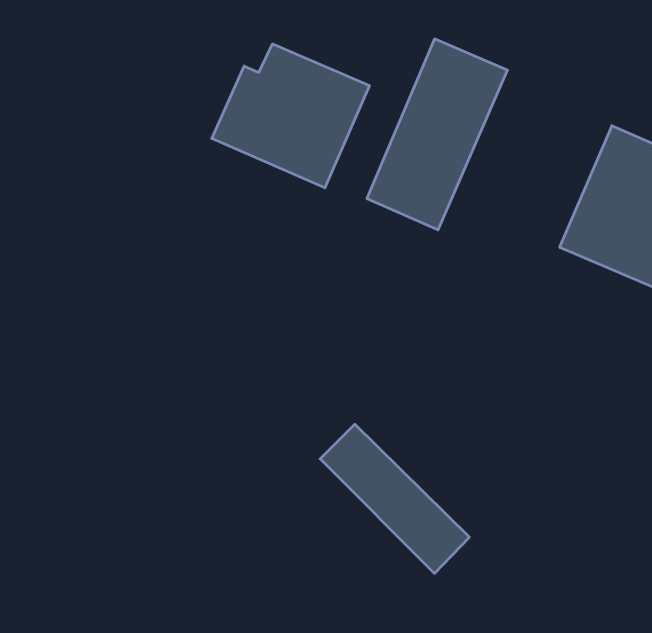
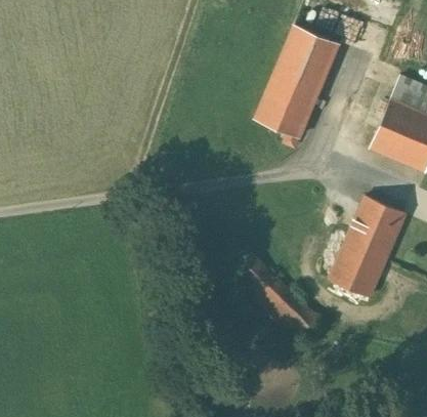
building: [212,44,369,188] -> none
building: none -> [330,196,404,295]

